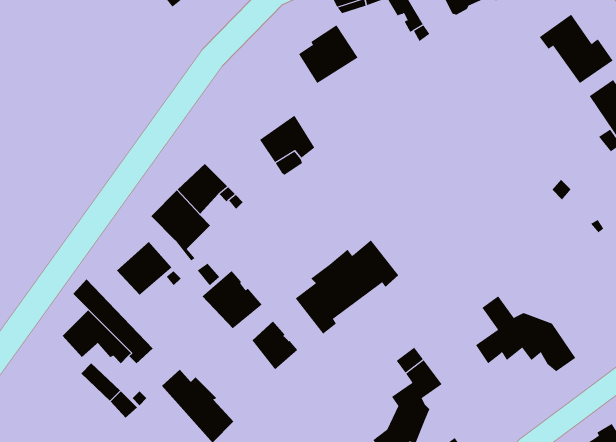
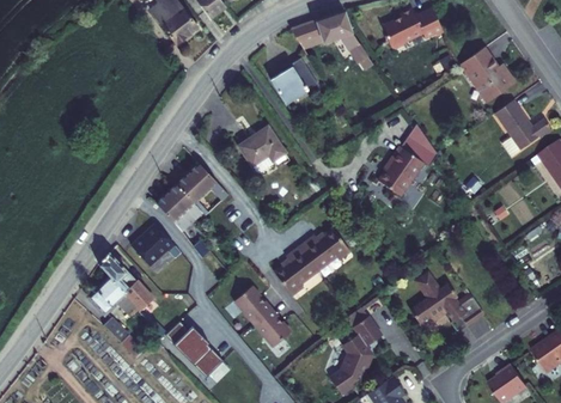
building: none -> [377,121,438,196]
building: [201,270,262,329] -> none
building: none -> [254,307,291,344]

